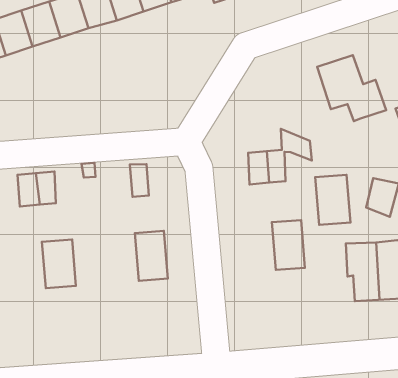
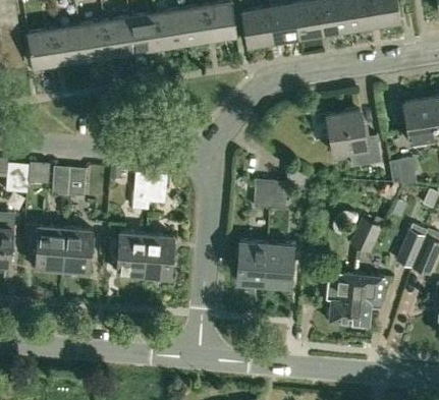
building: none -> [133,172,153,210]
building: [315,175,351,225] -> [237,240,268,284]
building: none -> [117,231,148,275]
building: none -> [36,225,66,269]

